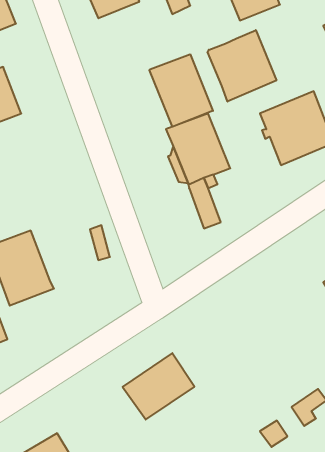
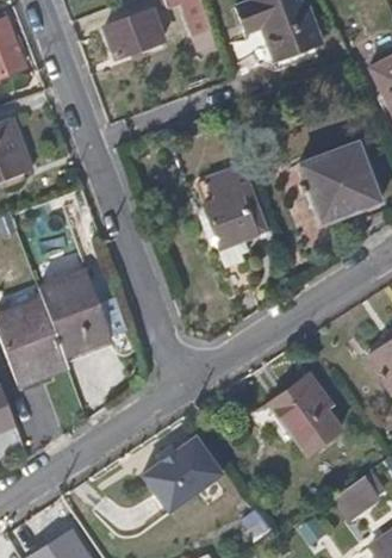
building: [208,30,276,102] -> none
building: [149,54,213,127] -> none
building: none -> [37,269,112,354]
building: none -> [254,377,343,452]

